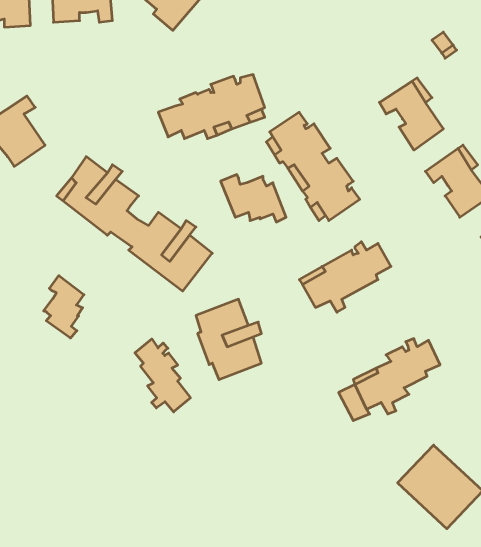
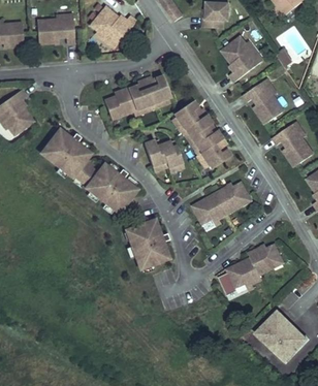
building: none -> [221,36,262,82]
building: [44,276,84,338] -> none
building: [135,339,190,412] -> none

